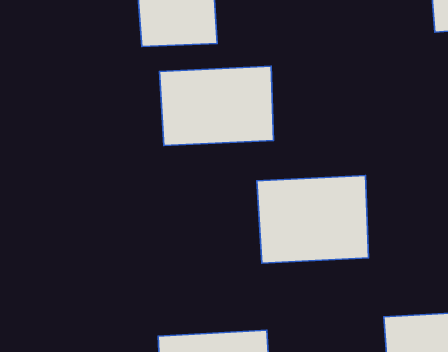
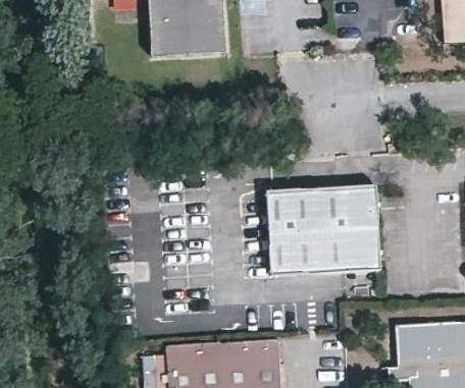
building: [160,66,273,146] -> none

